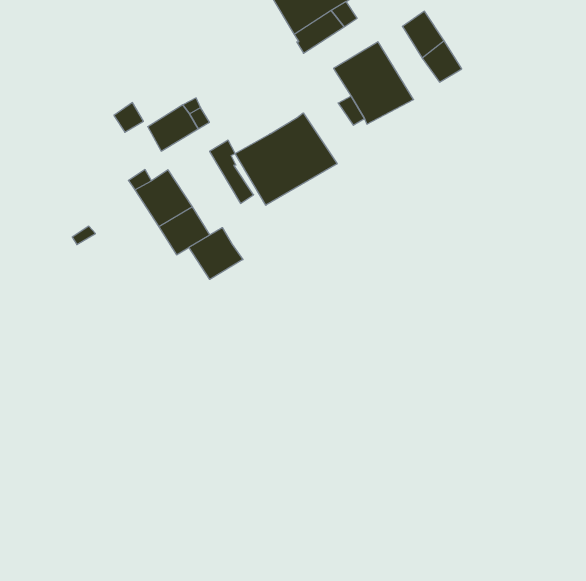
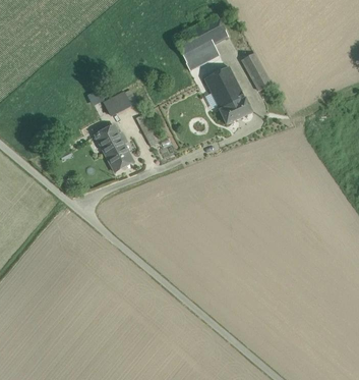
building: none -> [220,99,252,124]
building: [235,113,337,205] -> none
building: [189,228,243,279] -> none

